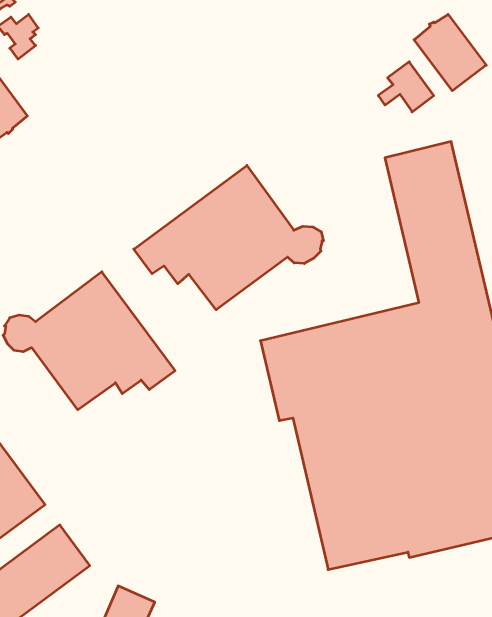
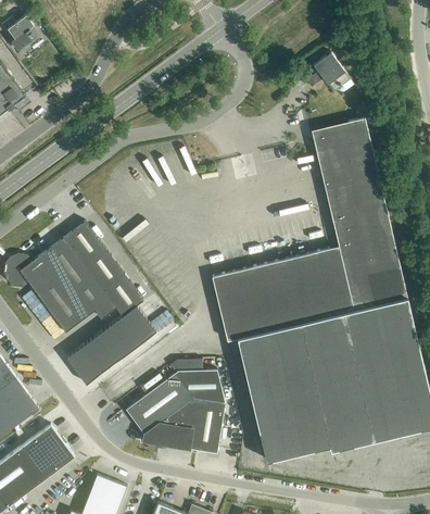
building: [414,14,486,91] -> none
building: [134,165,323,310] -> none
building: none -> [66,306,156,385]
building: none -> [126,360,226,454]

